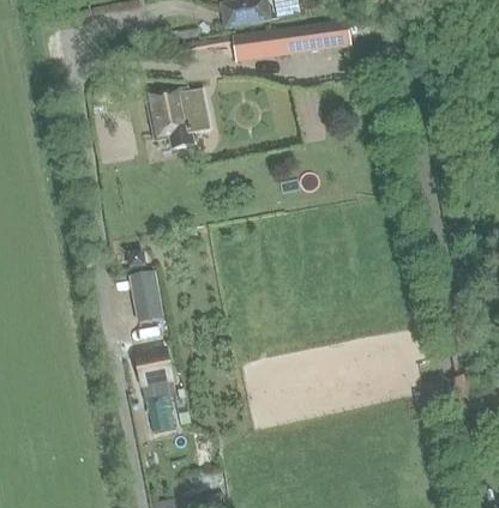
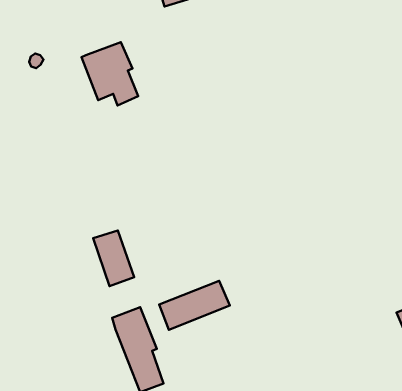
building: none -> [159,281,230,330]

